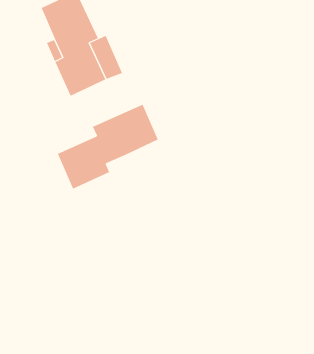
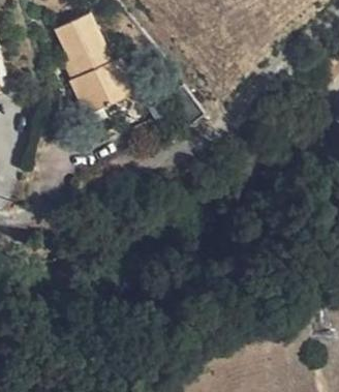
building: [57,104,158,189] -> none

